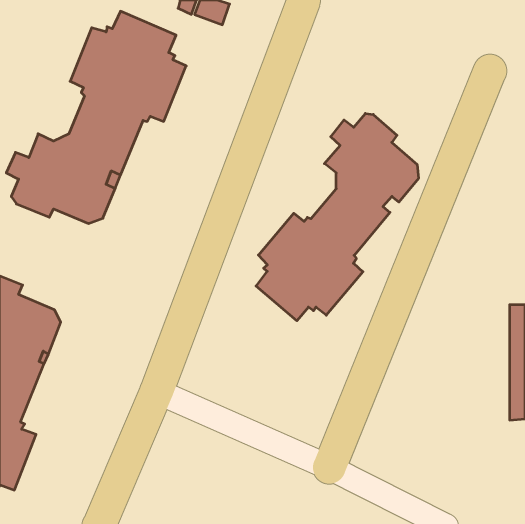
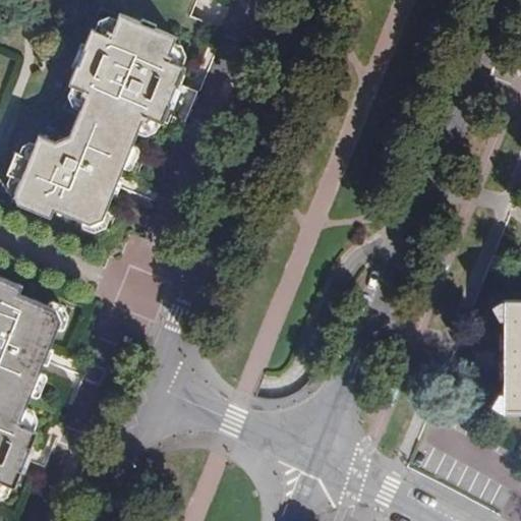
building: [256,113,418,321] -> none

